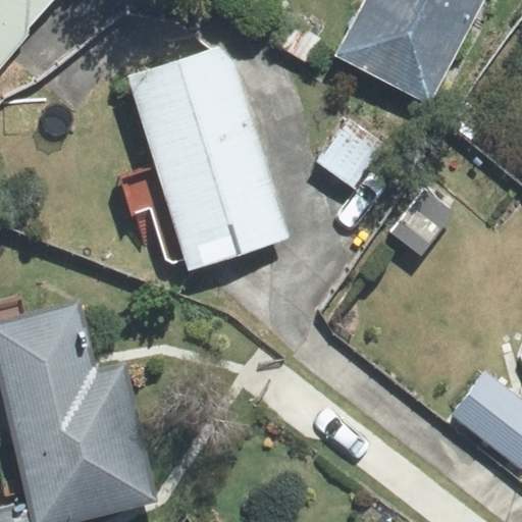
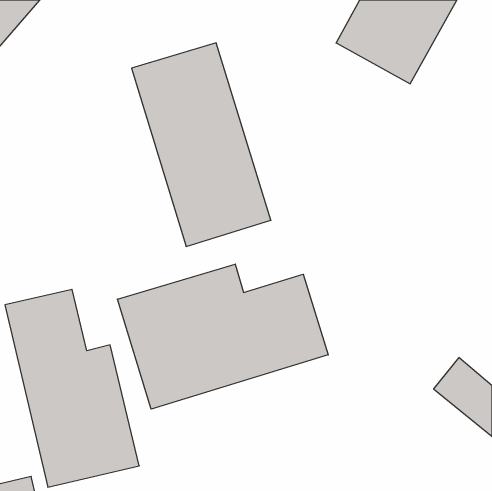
building: none -> [117,264,328,409]

